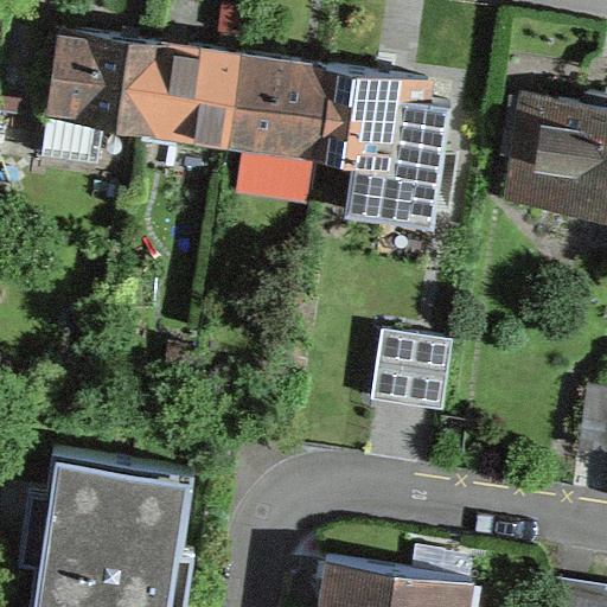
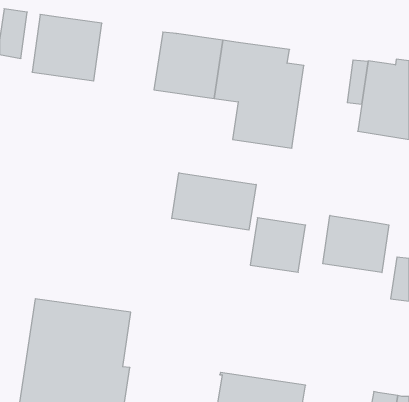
building: [139,45,241,143] -> none
building: none -> [172,173,256,230]
building: none -> [323,215,389,273]

